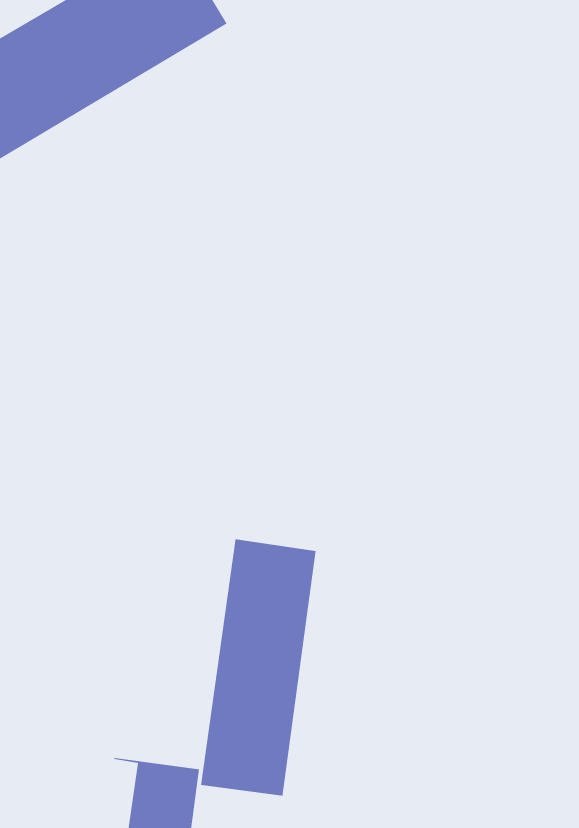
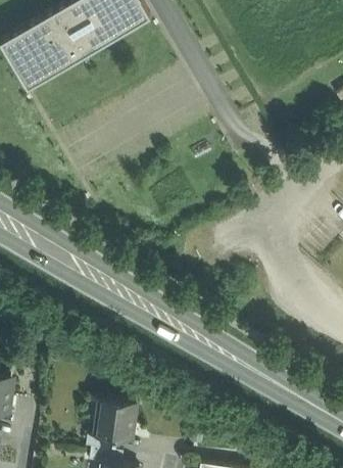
building: [200,539,316,797] -> none

